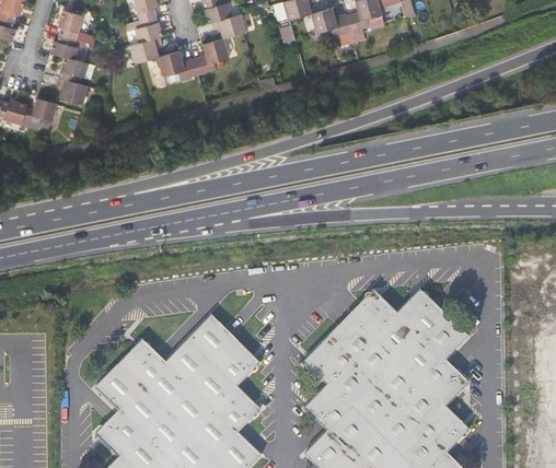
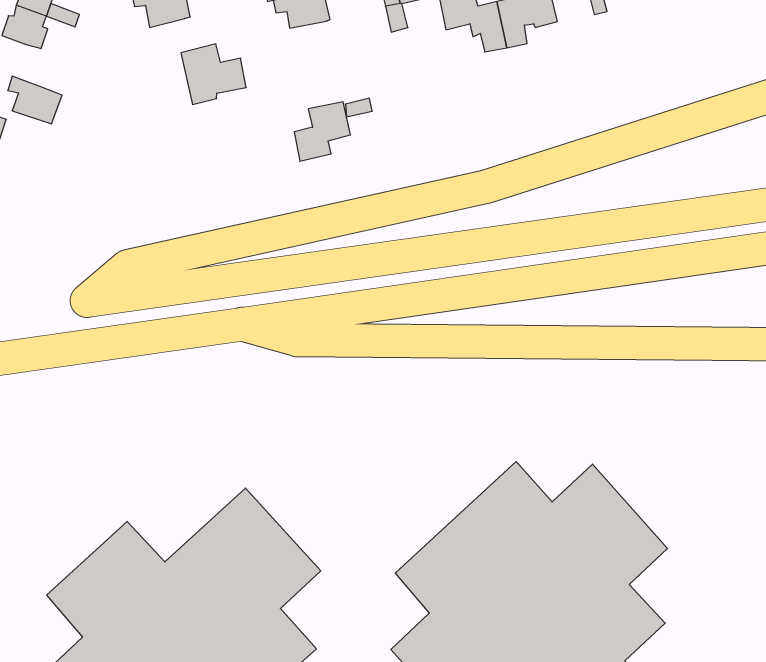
building: [129,35,162,62] -> none
building: [194,37,228,74] -> [294,102,350,161]
building: [57,56,88,81] -> none

